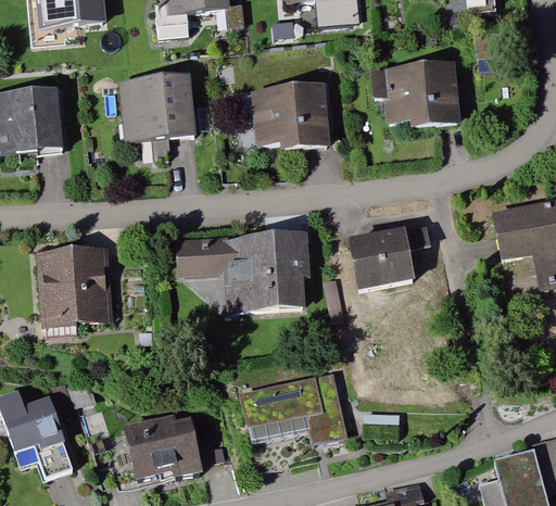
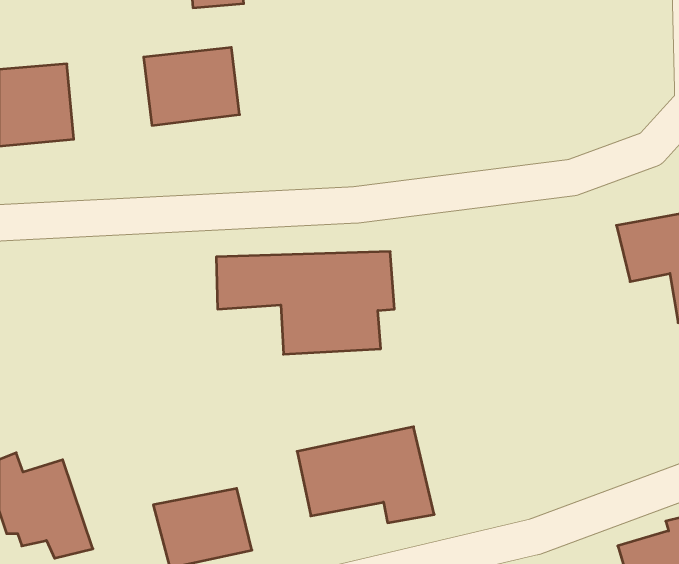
building: [367,58,462,127] -> none
building: [250,80,326,147] -> none
building: [348,225,431,294] -> none
building: [38,251,113,333] -> none

